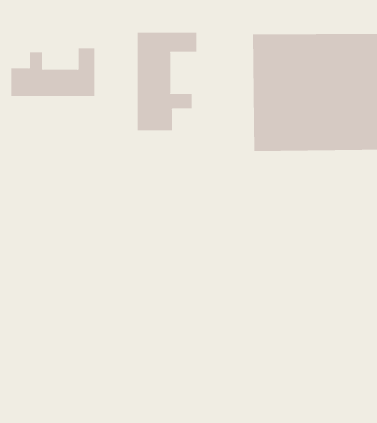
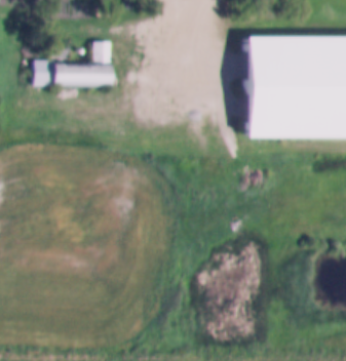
building: [137,32,197,131] -> none

